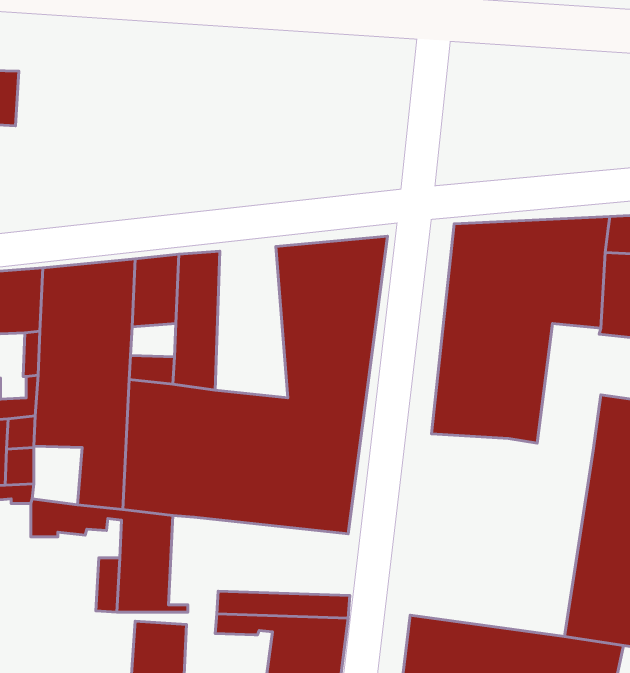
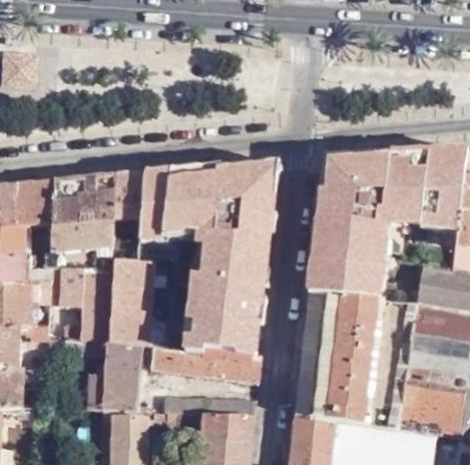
building: none -> [166,169,214,270]
building: none -> [296,294,417,428]
building: none -> [151,349,261,383]

